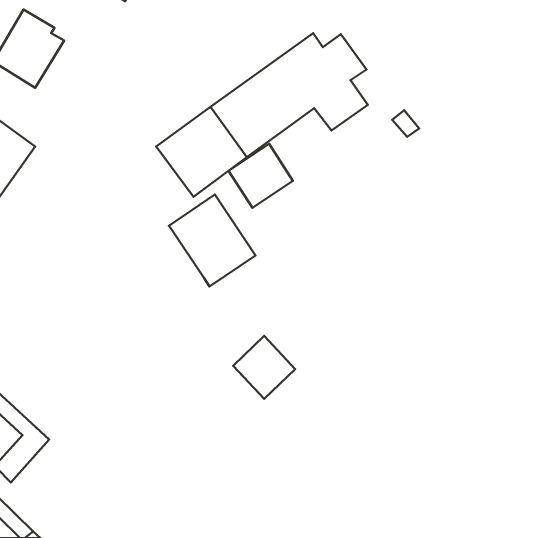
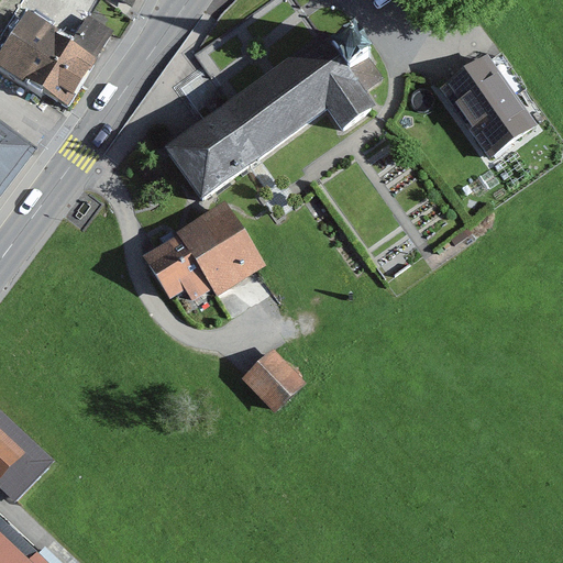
building: none -> [36,11,112,107]
building: none -> [440,56,533,155]
building: [229,144,293,208] -> none
building: none -> [143,235,210,300]

